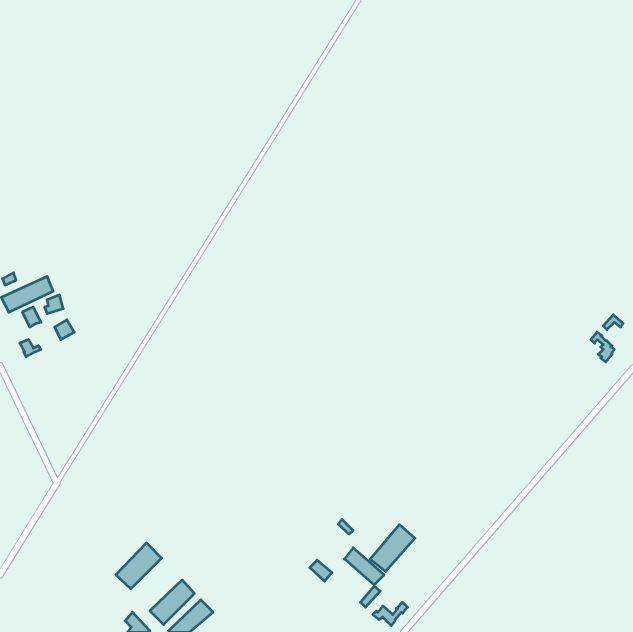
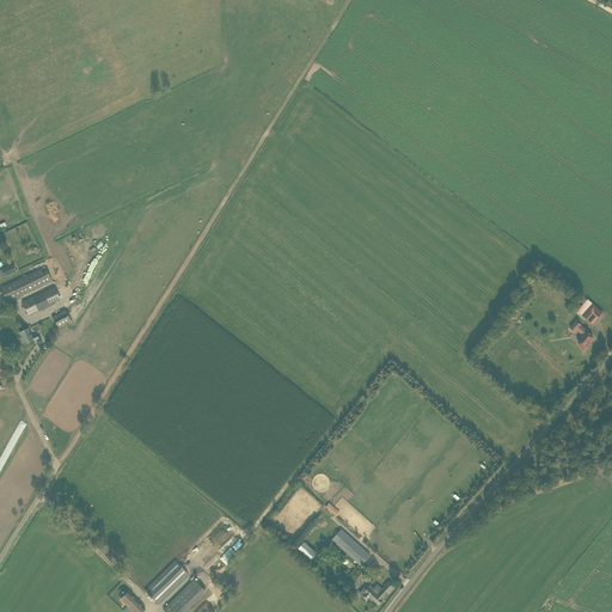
building: [370,525,415,572] -> none
building: [116,543,162,589] -> none

